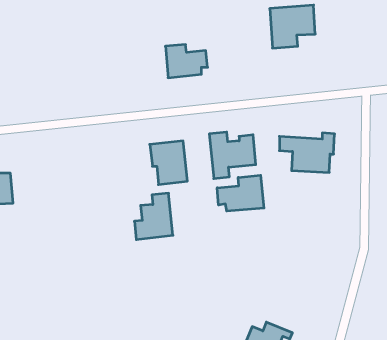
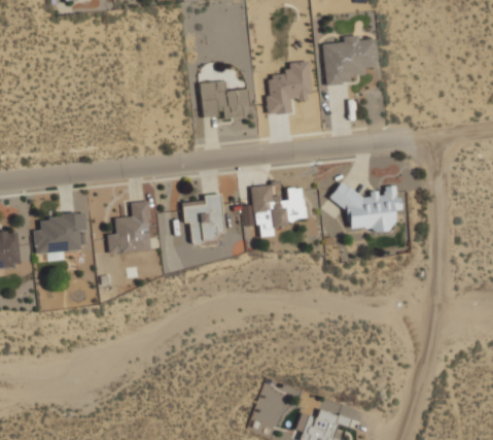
building: none -> [268,62,311,114]
building: none -> [33,211,87,260]
building: [217,175,264,211] -> none
building: [134,193,173,240] -> [107,200,152,255]

